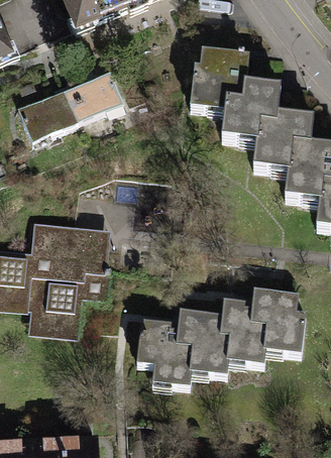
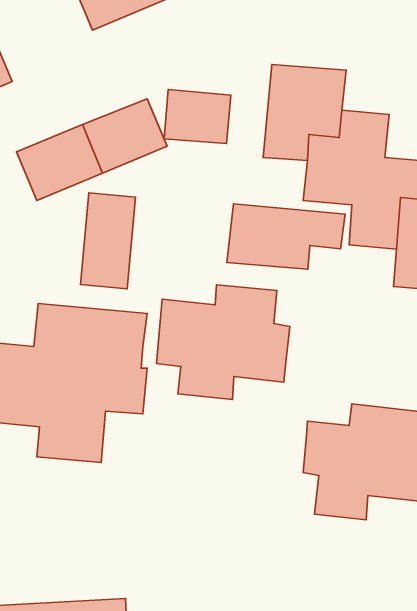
building: none -> [164,89,231,143]
building: none -> [80,193,136,289]
building: none -> [227,204,345,269]
building: [137,310,231,390] -> [156,285,290,399]

